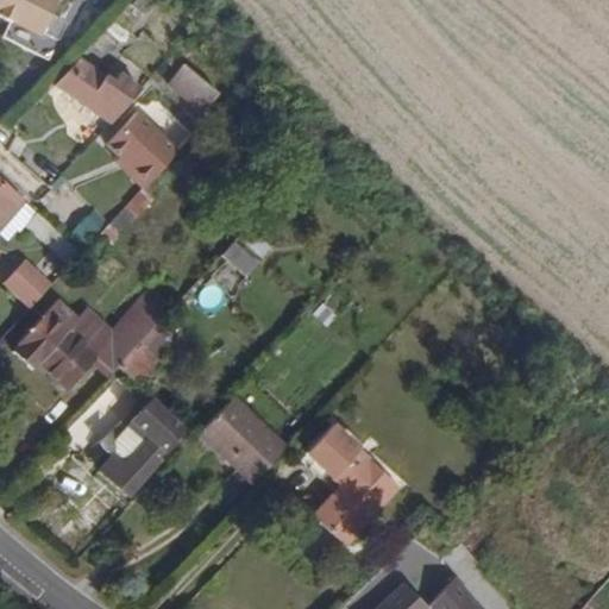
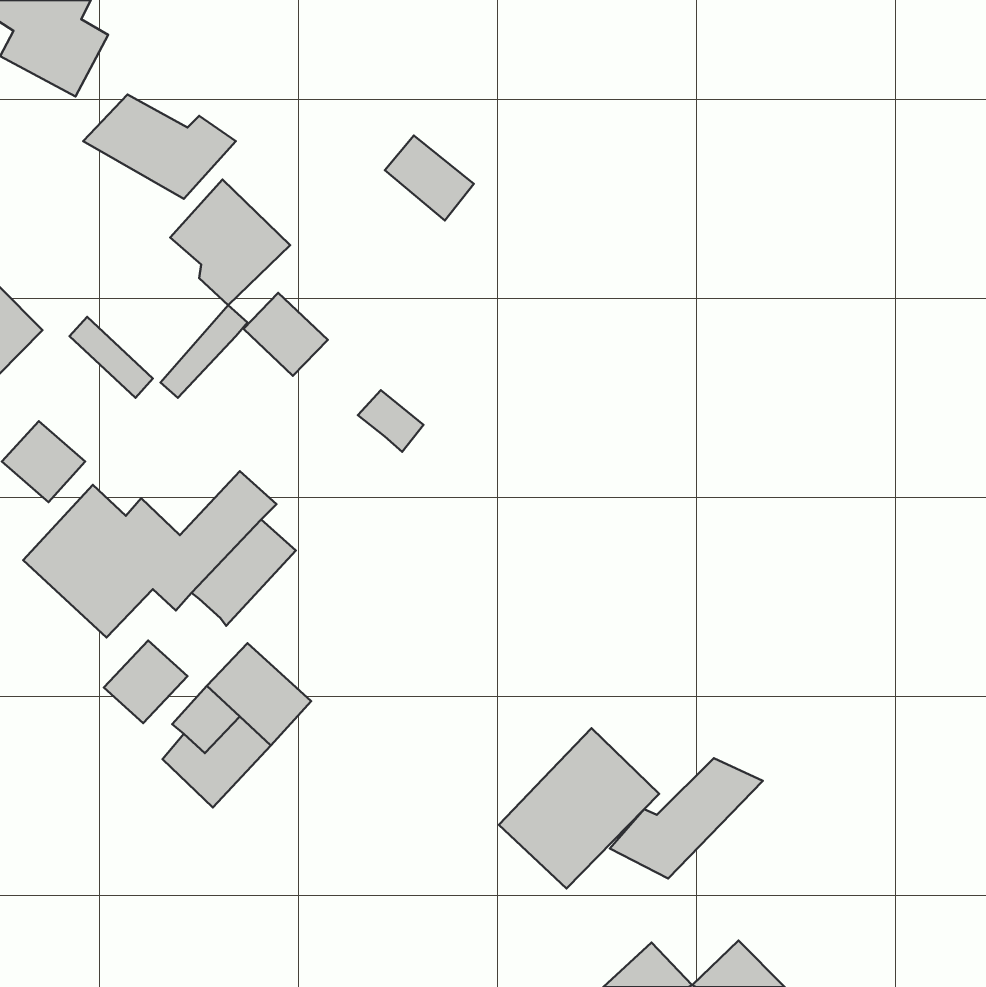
building: [167,62,221,114] -> [385,136,474,221]
building: none -> [243,293,328,376]
building: none -> [104,640,188,723]
building: [200,398,284,482] -> none
building: [304,421,364,479] -> none
building: none -> [610,758,763,878]

